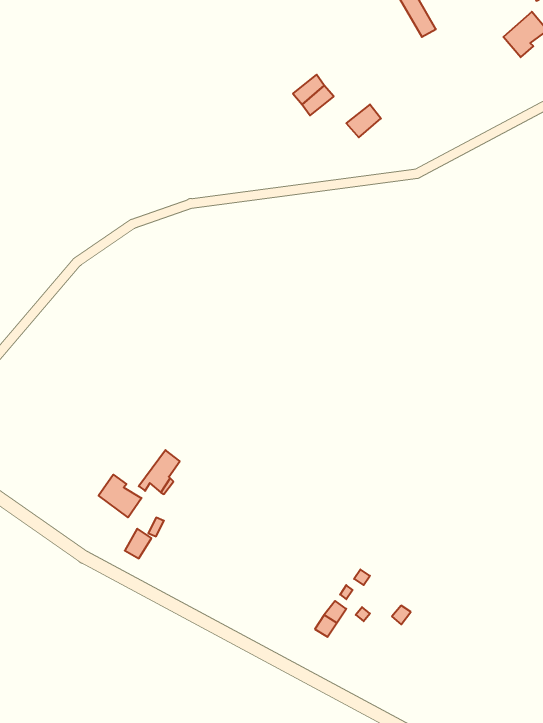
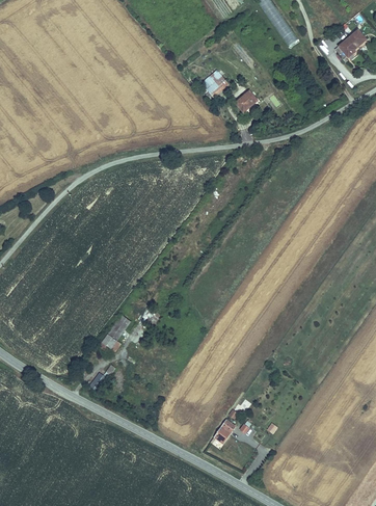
building: [99,475,142,517] -> none

